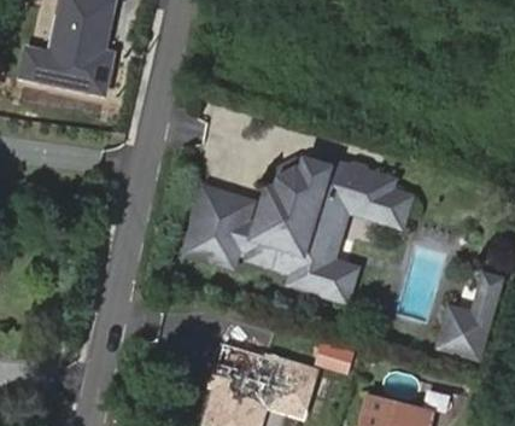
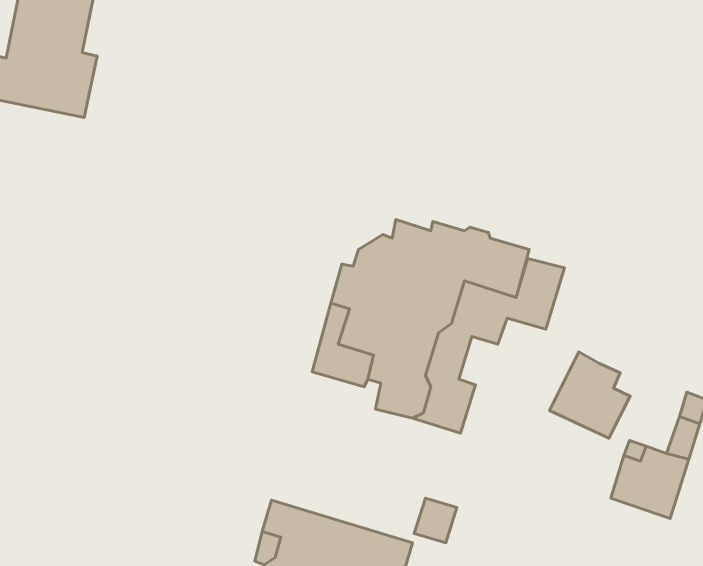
building: [185,188,248,264] -> none
building: none -> [549,352,630,438]

